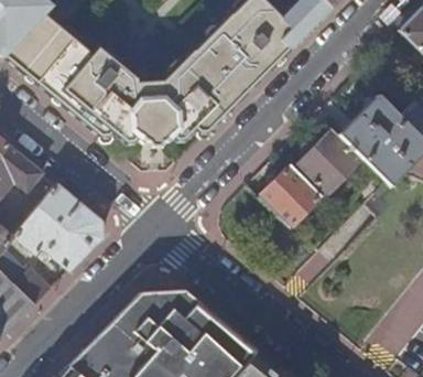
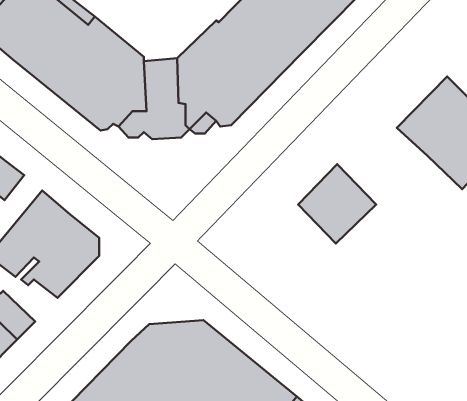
building: [297,130,362,194] -> none

